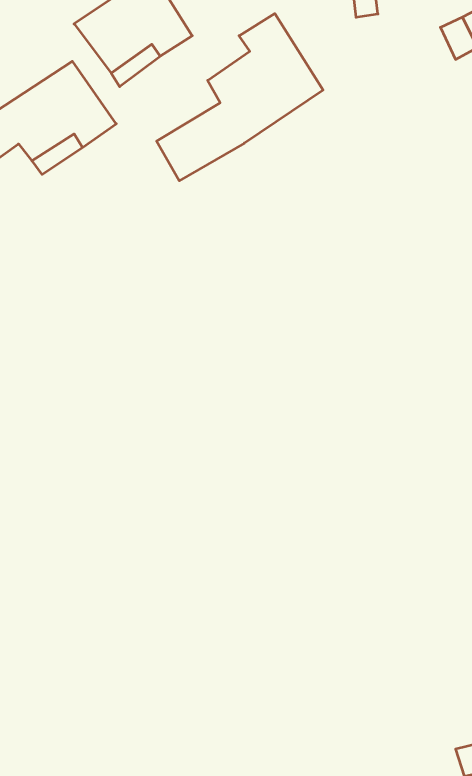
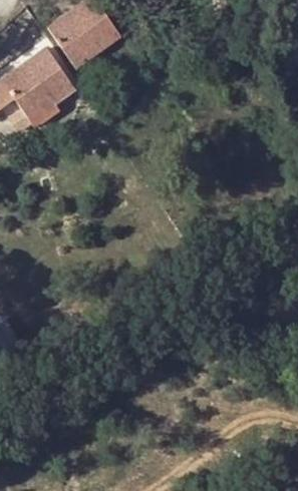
building: [157,14,323,181] -> none

